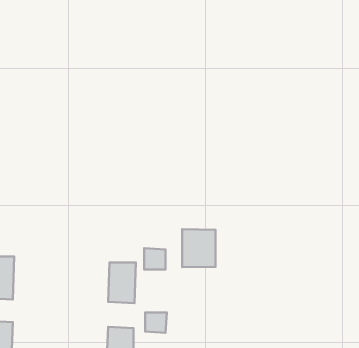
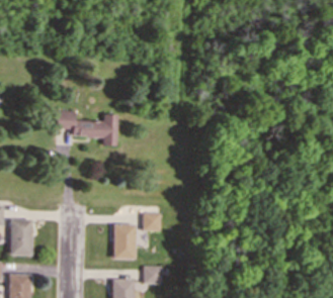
building: none -> [56,110,117,145]
building: [182,229,216,267] -> none

